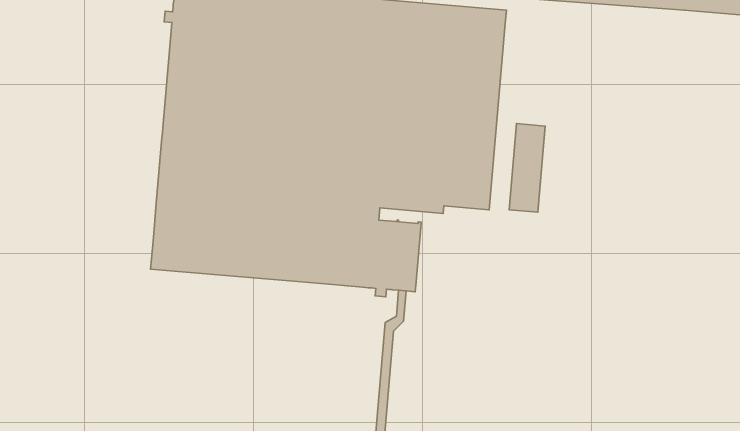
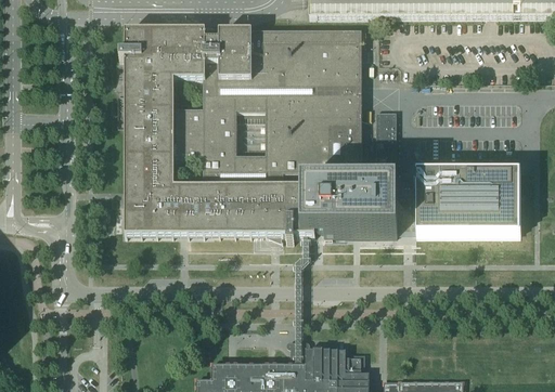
building: none -> [313,169,519,235]

